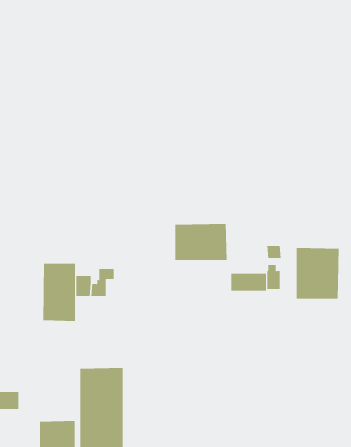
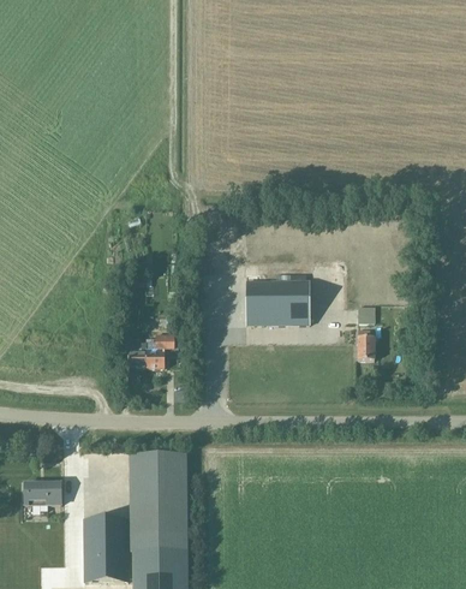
building: [296,247,339,300] -> none
building: [43,263,75,322] -> none
building: [231,273,266,291] -> none

